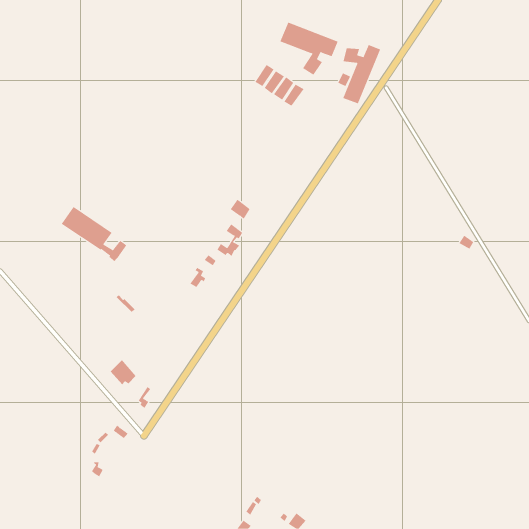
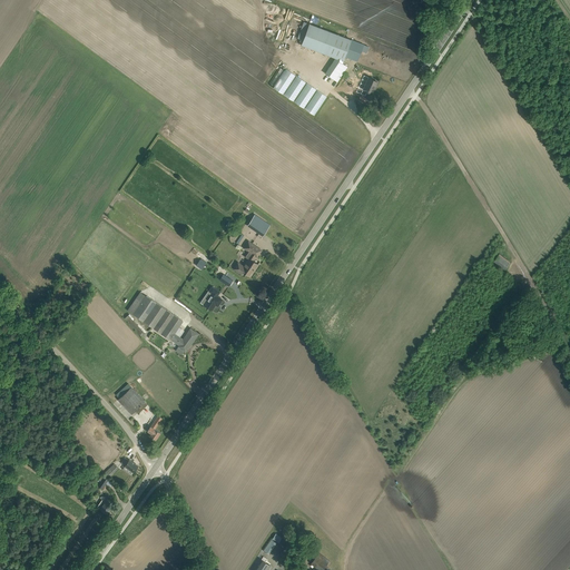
building: [342,44,381,104] -> none
building: [61,206,127,262] -> [127,292,198,352]

